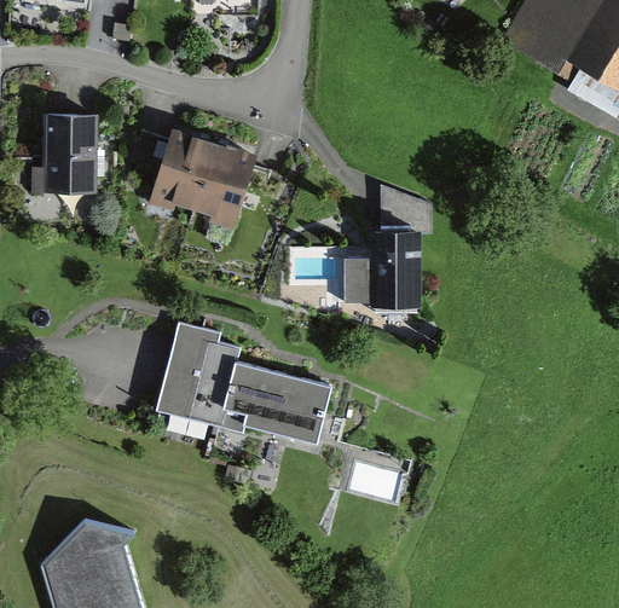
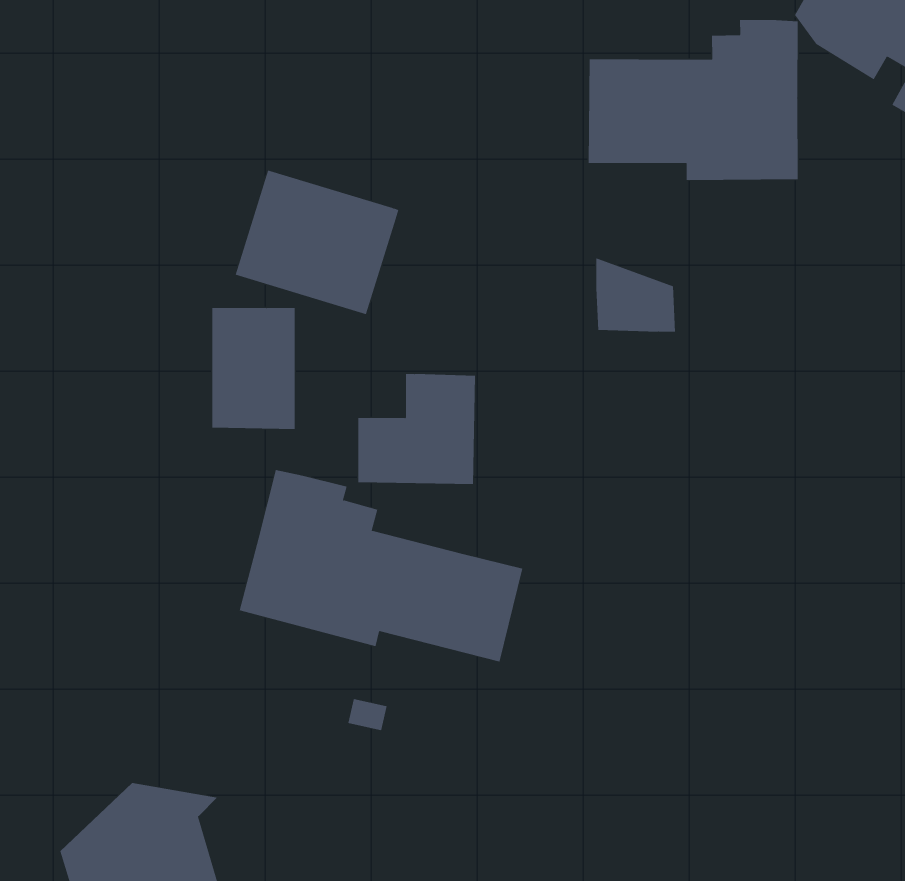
building: none -> [588,19,798,181]
building: [42,116,96,193] -> [211,308,295,430]
building: [345,233,420,303] -> [357,374,476,484]

